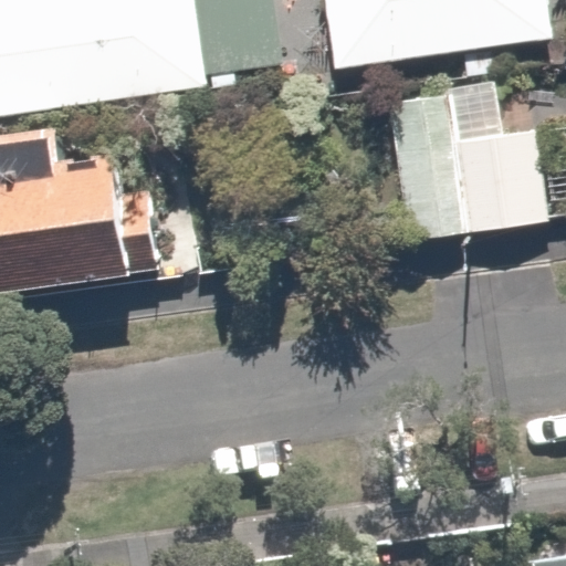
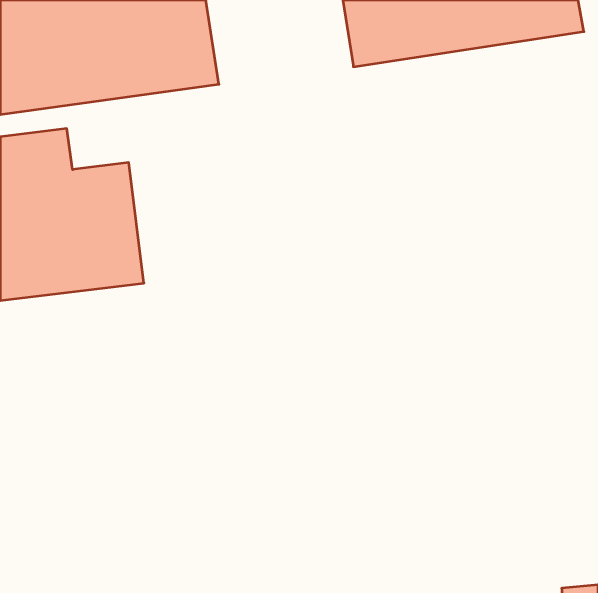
building: [388,91,555,242] -> none

